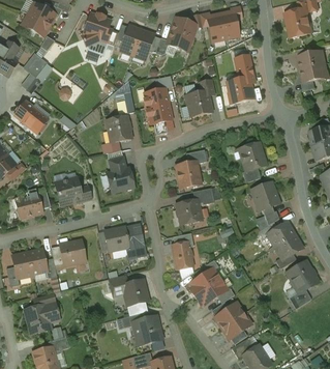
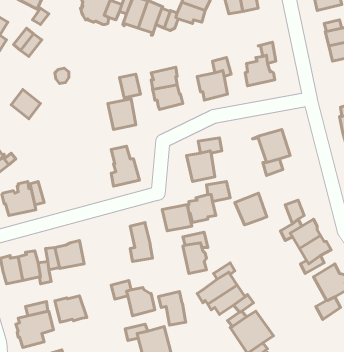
building: [55,176,91,204] -> none
building: [250,181,278,209] -> [235,193,267,225]
building: [103,227,129,250] -> [162,205,192,231]
building: none -> [159,291,186,325]
building: none -> [55,296,87,322]

